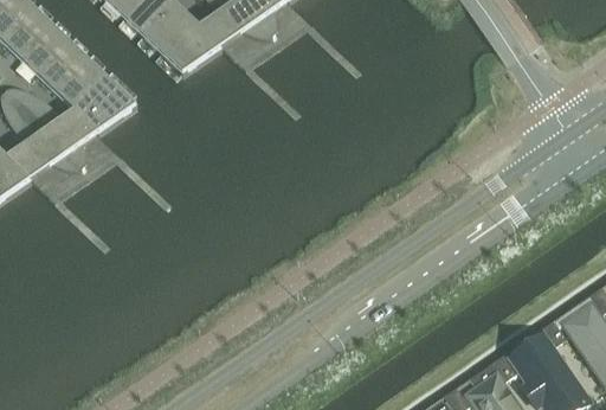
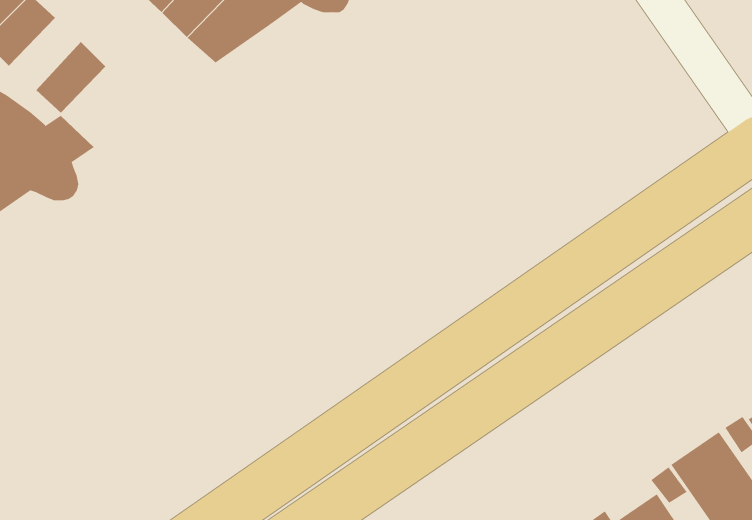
building: [37,38,88,89] -> none
building: [73,72,136,129] -> none

